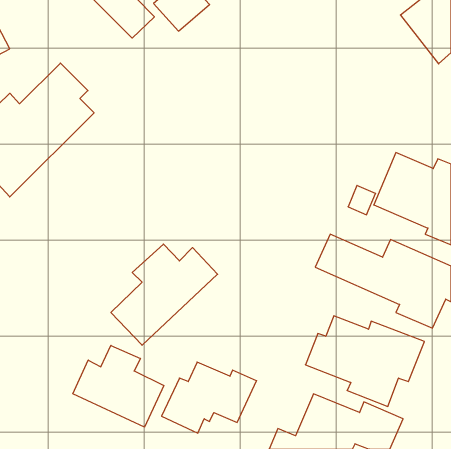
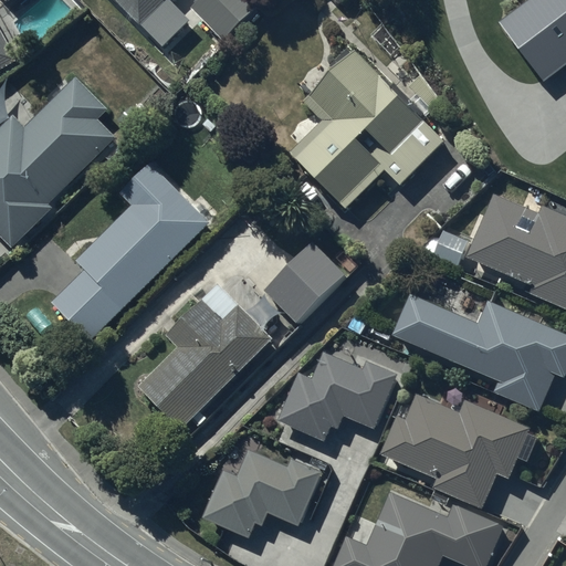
building: none -> [290,49,444,210]
building: none -> [53,166,207,340]
building: none -> [263,243,346,326]
building: none -> [277,355,394,446]
building: [73,345,164,427] -> none

